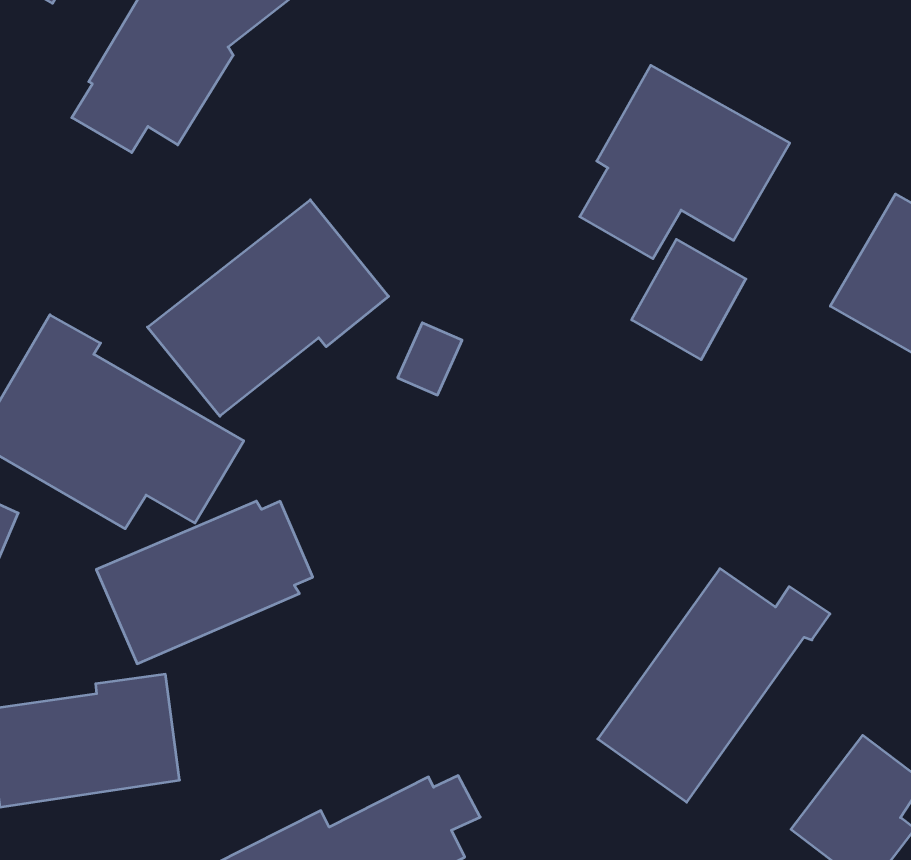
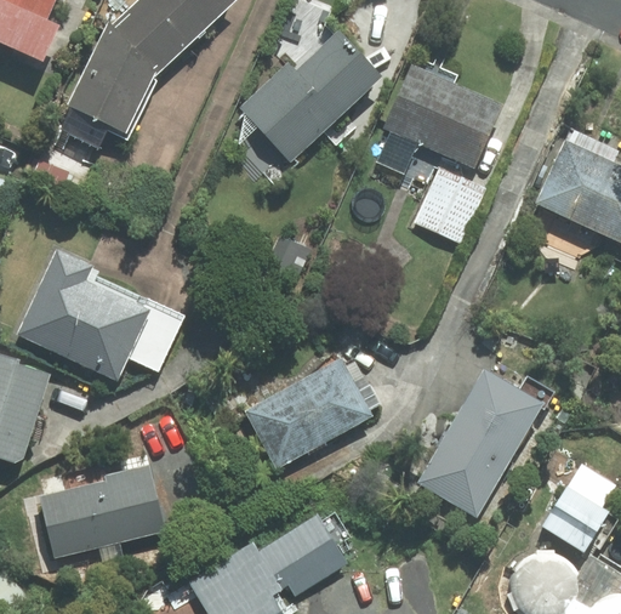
building: none -> [238,36,375,180]
building: [147,200,389,416] -> none
building: [96,501,313,664] -> [244,359,377,467]

